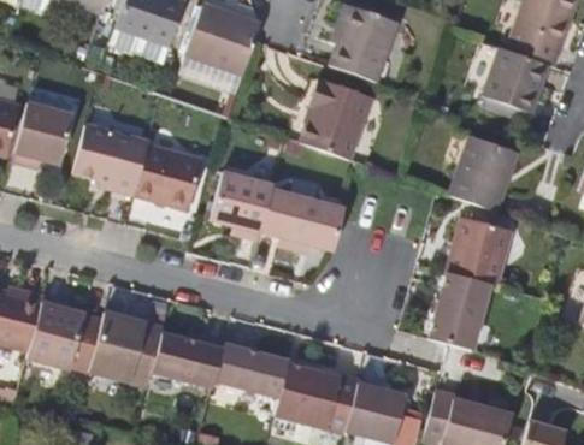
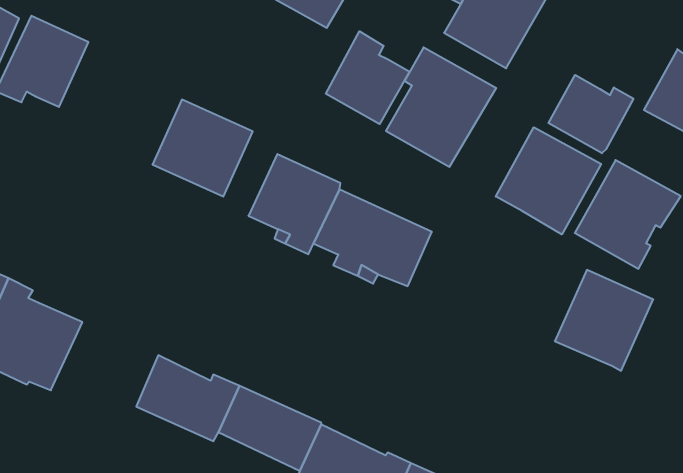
building: none -> [326,31,410,124]
building: none -> [548,75,633,153]
building: none -> [496,127,601,234]
building: [73,124,148,195] -> none
building: [430,273,491,351] -> none
building: [88,312,164,386] -> none

